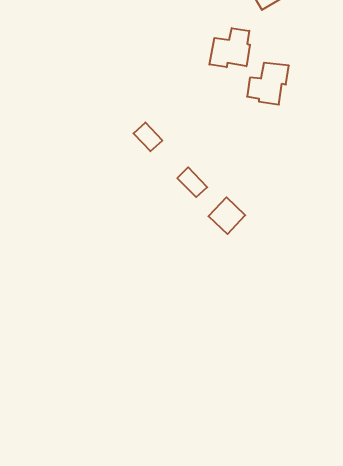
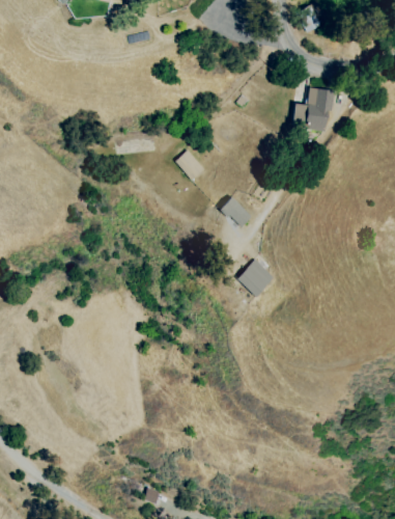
building: [209,28,250,67] -> none
building: [208,197,245,234] -> [236,258,275,297]

